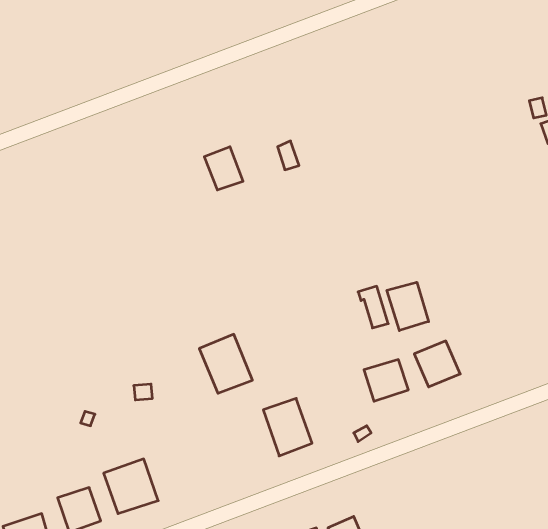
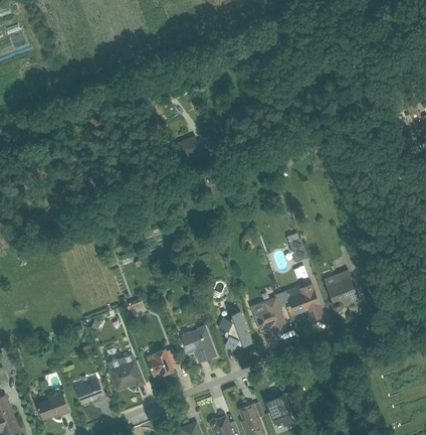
building: [387,282,429,331] -> none
building: [199,334,252,393] -> [181,325,218,367]
building: none -> [252,297,285,328]
building: none -> [145,345,181,382]

